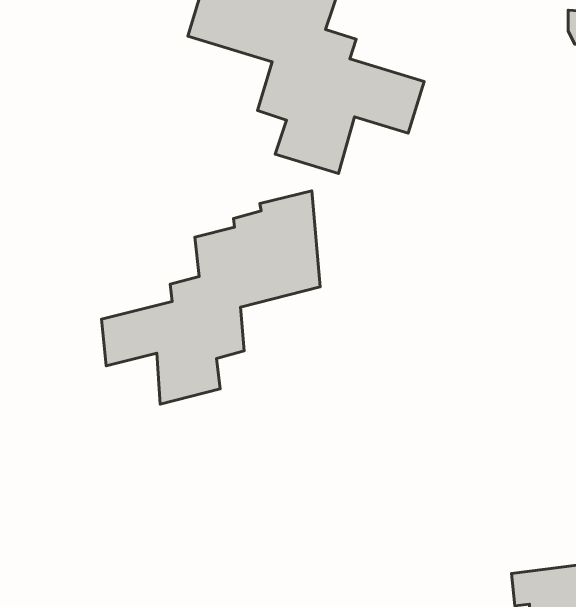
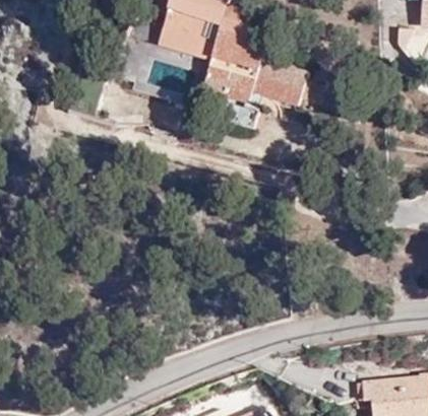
building: [102,191,320,404] -> none

